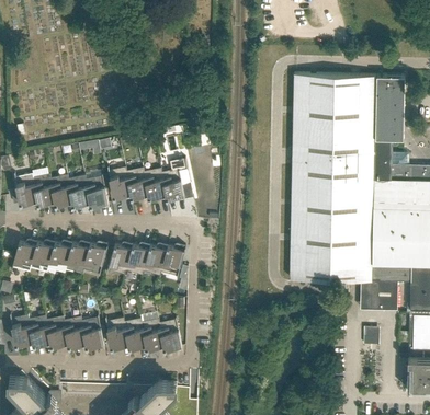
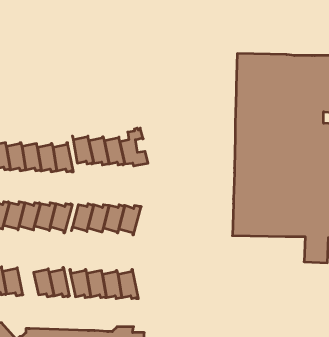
building: [45,315,68,347] -> none

